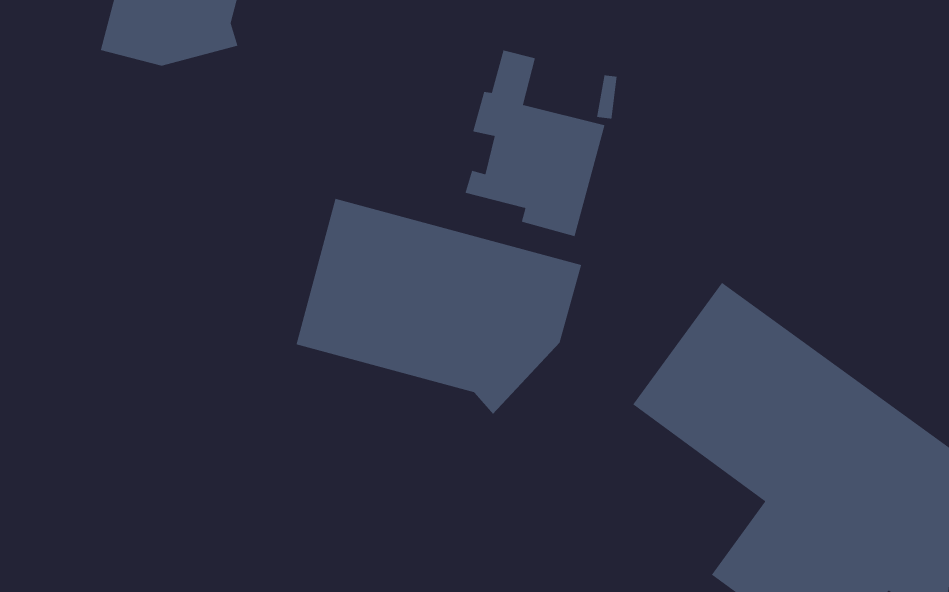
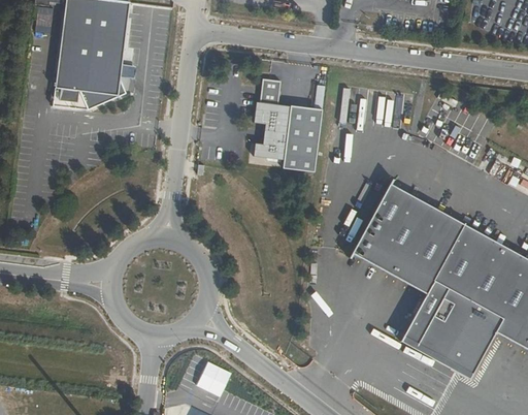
building: [296,198,582,415] -> none

